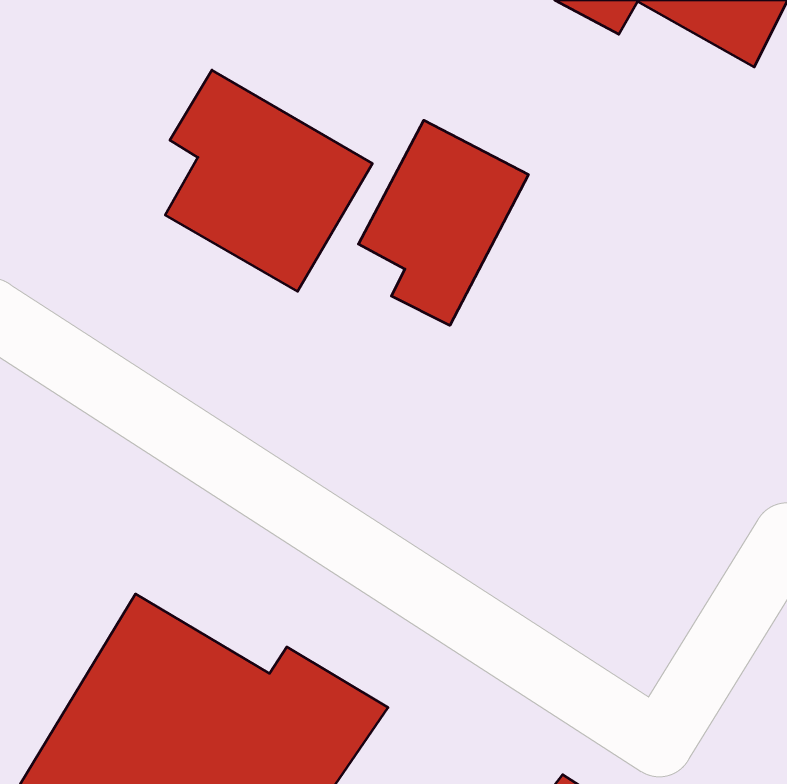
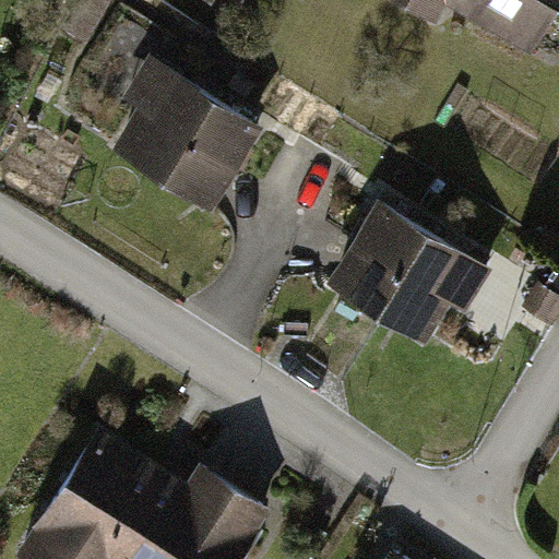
building: [358,120,528,325] -> none
building: none -> [329,204,499,349]

